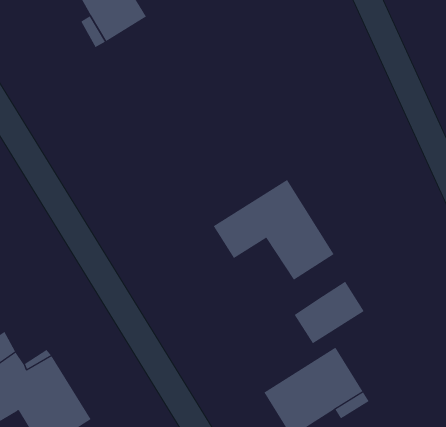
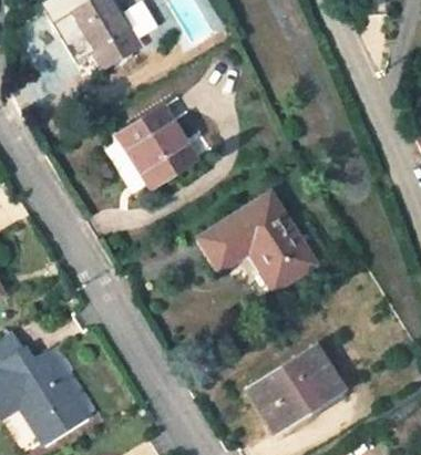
building: none -> [117,106,194,188]
building: [294,281,364,344] -> none

